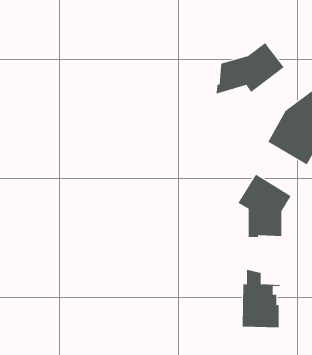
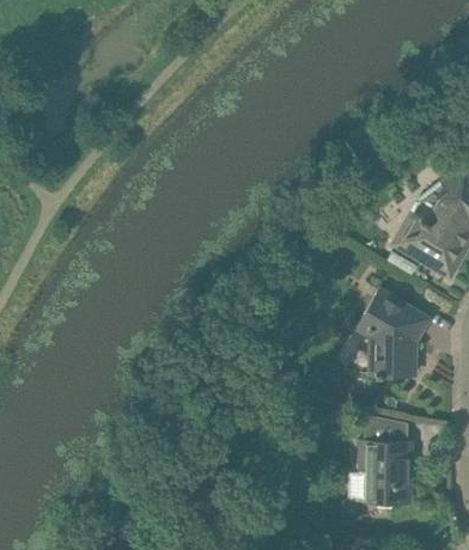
building: [216,42,285,94] -> none

